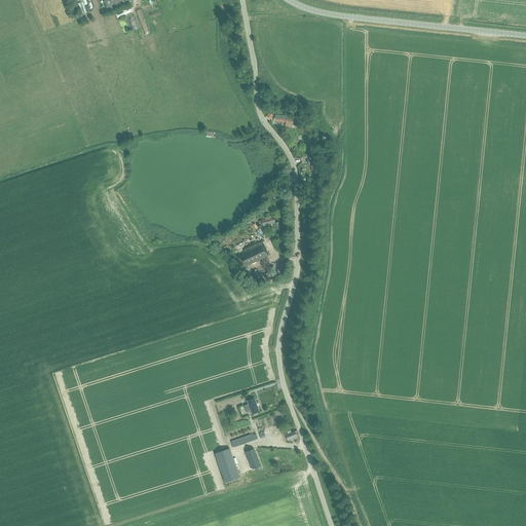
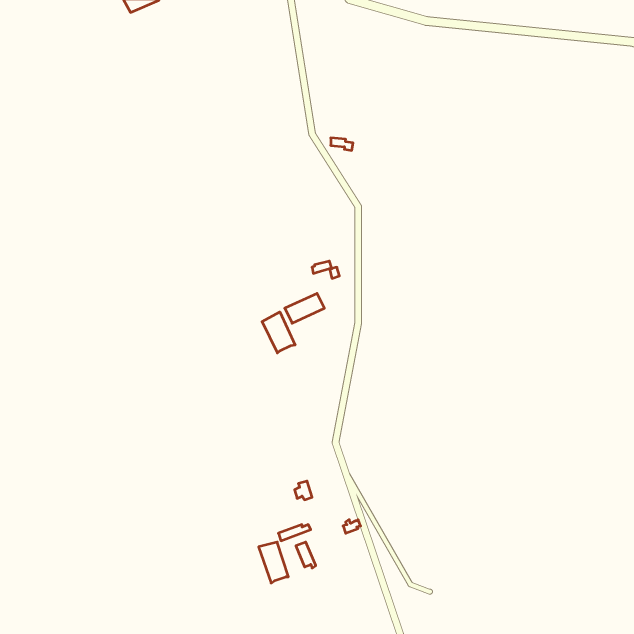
building: none -> [262,312,295,353]

